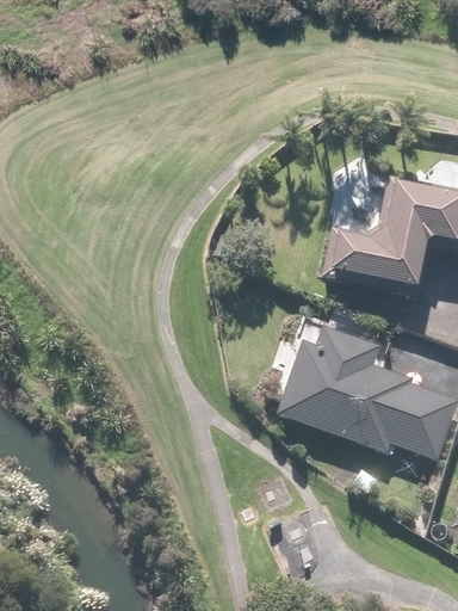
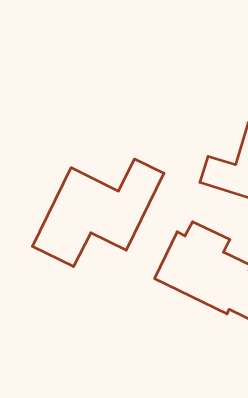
building: none -> [32,159,164,267]

